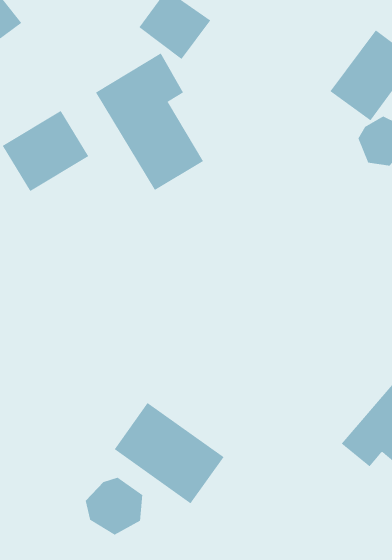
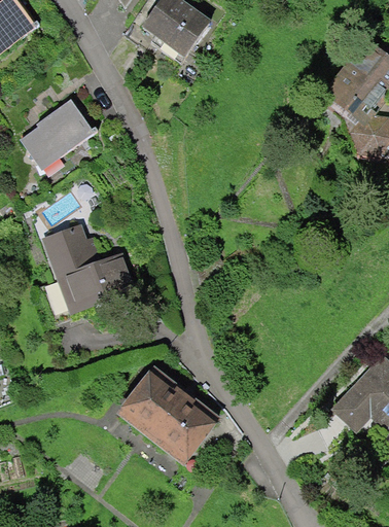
building: [95,53,204,191] -> none
building: none -> [43,230,133,315]
building: [85,477,143,535] -> none

